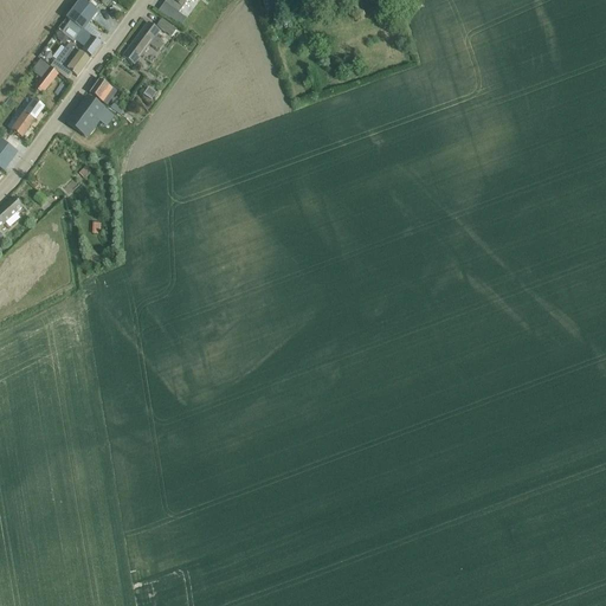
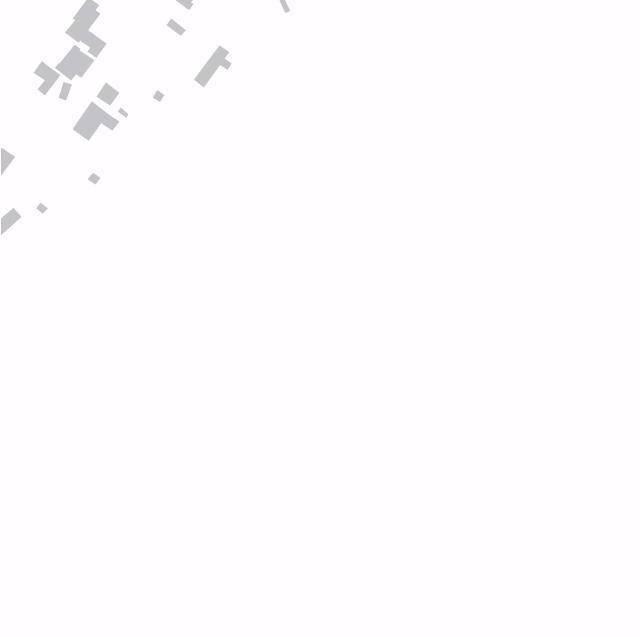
building: [124,21,162,63] -> [193,45,233,88]
building: [7,97,45,136] -> none

